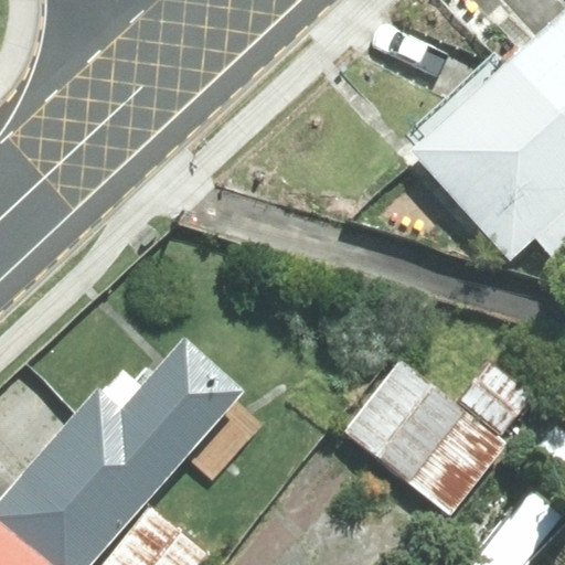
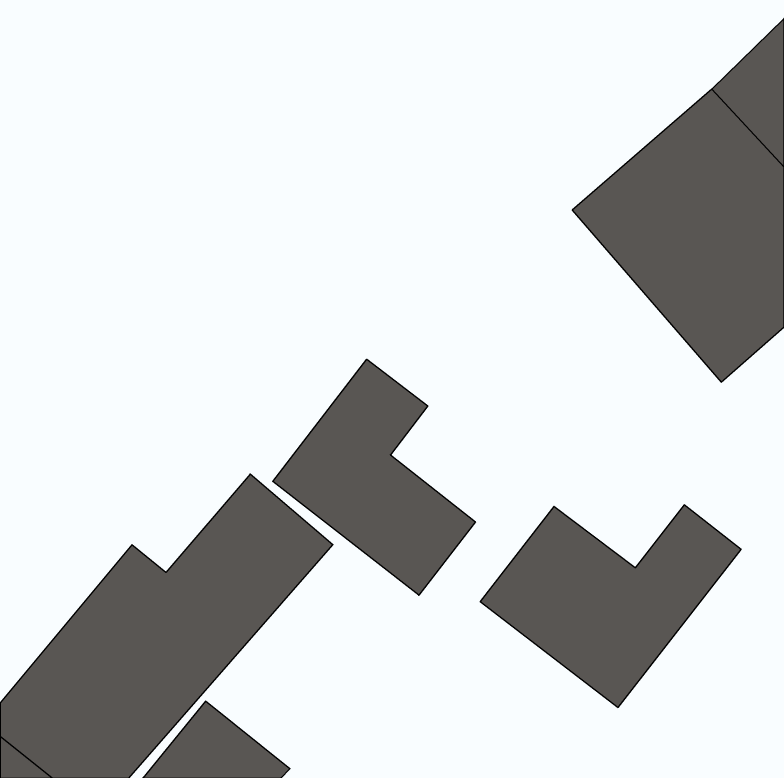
building: none -> [273,359,475,595]

